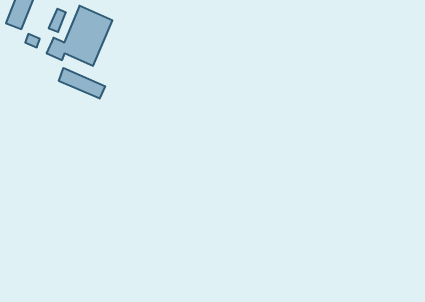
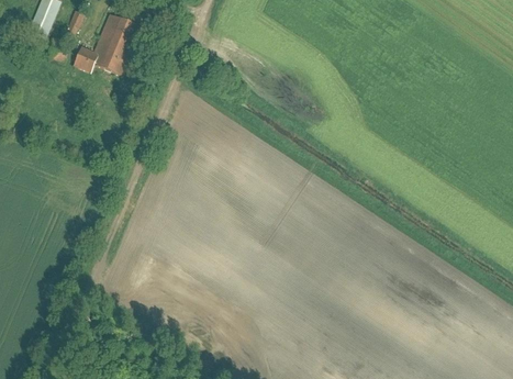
building: [59,68,105,99] -> none

